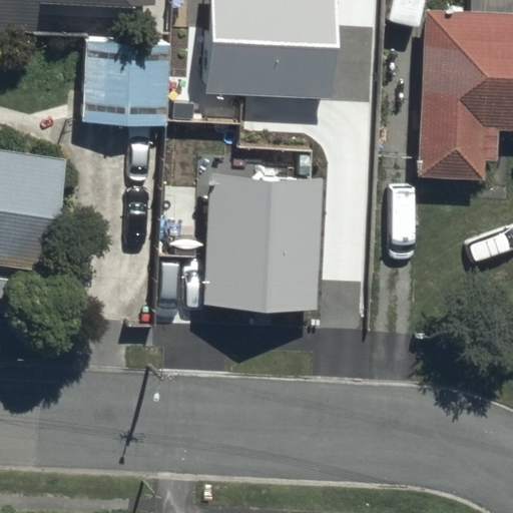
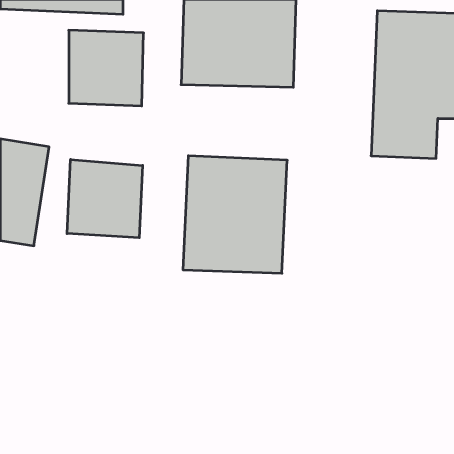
building: none -> [67,159,143,238]

